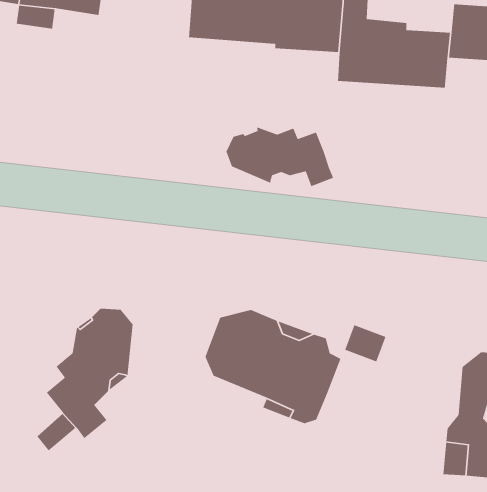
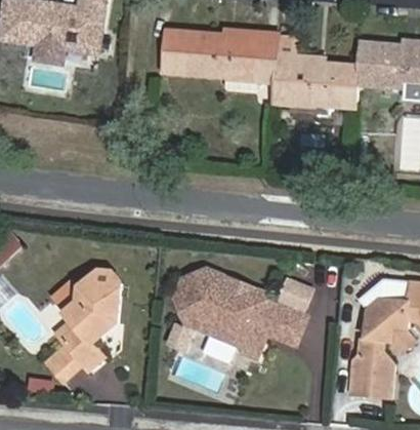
building: [225,127,334,187] -> none
building: none -> [265,308,304,346]

